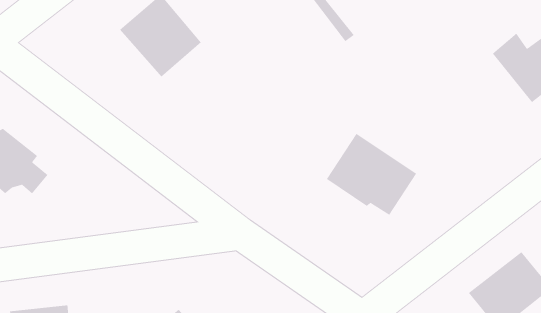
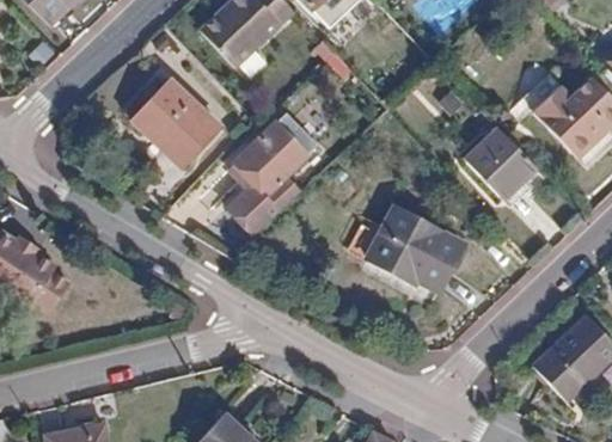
building: none -> [228,112,316,233]
building: none -> [466,128,537,198]

